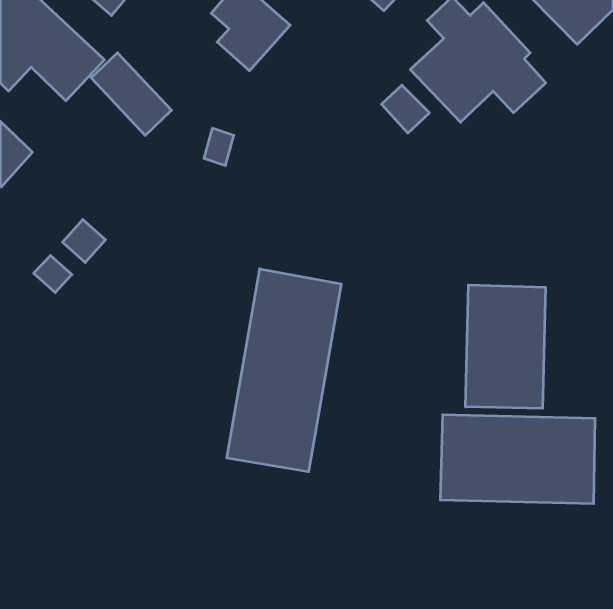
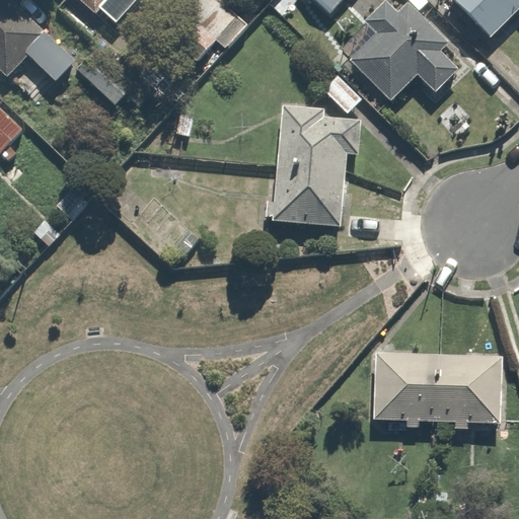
building: none -> [264,104,362,225]
building: [227,269,341,472] -> none
building: [466,285,545,408] -> none

